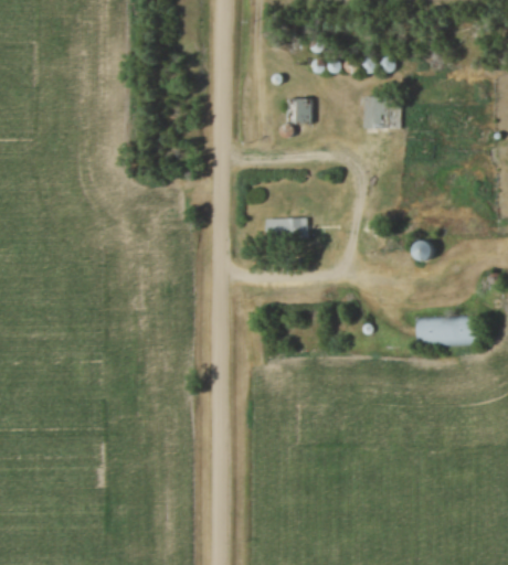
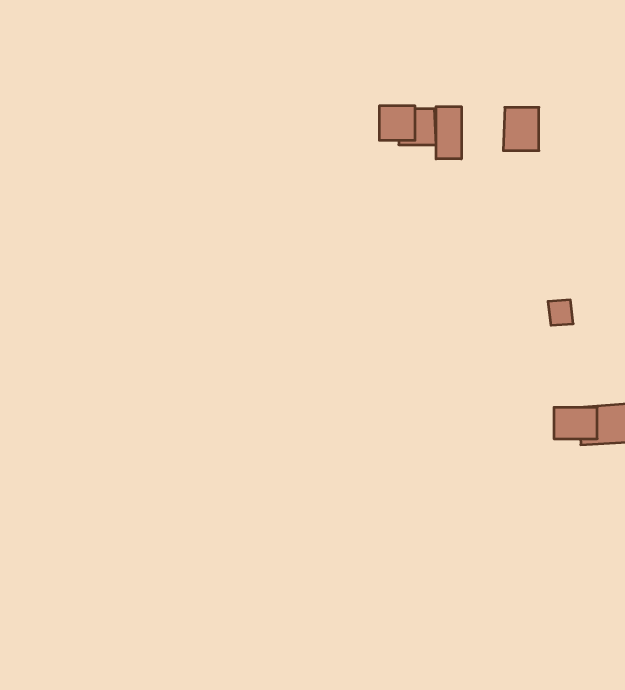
building: none -> [436,107,461,159]
building: [263,216,306,239] -> none

